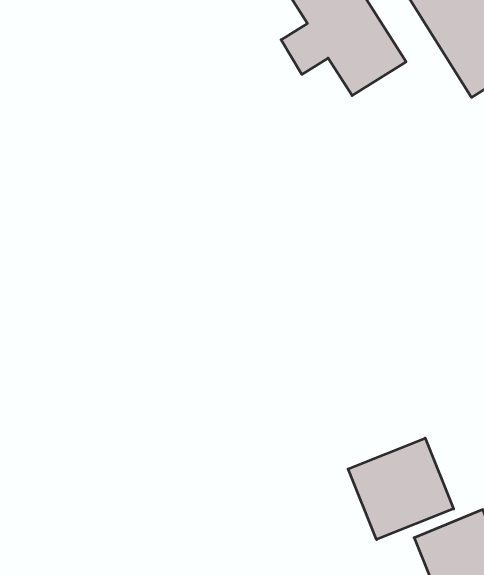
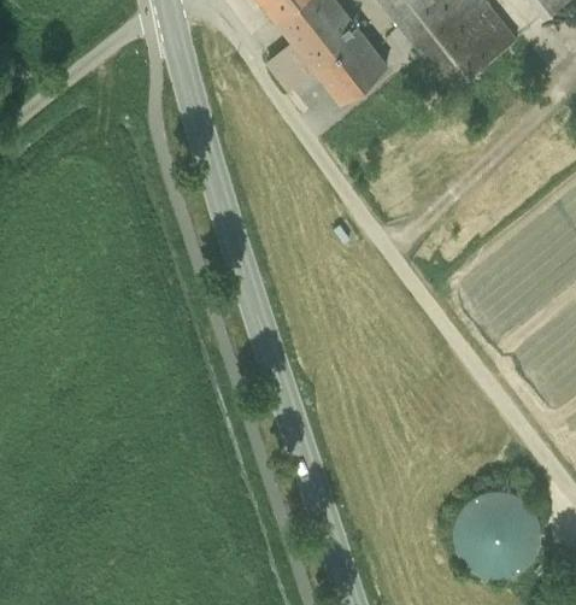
building: [348,438,454,540] -> none

